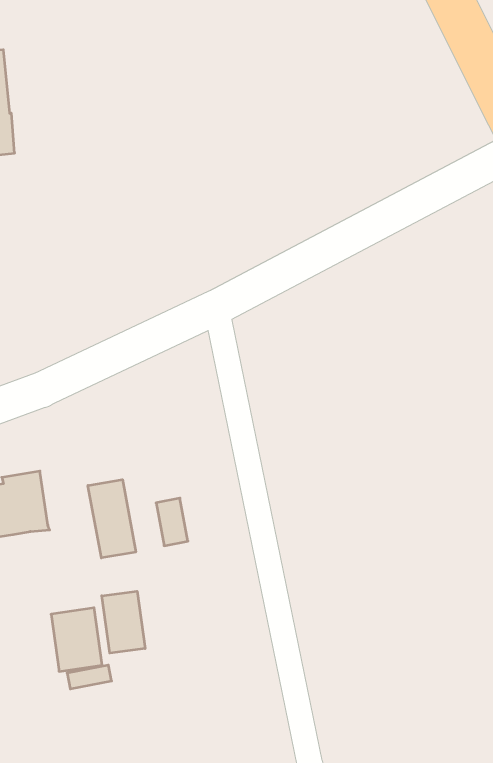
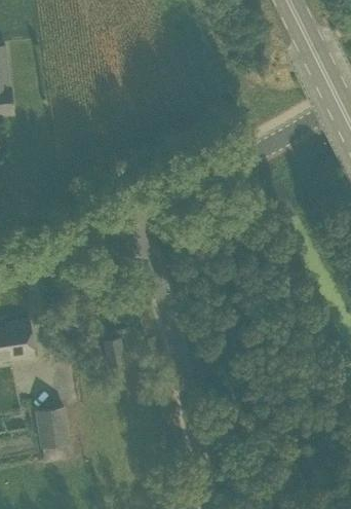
building: [88,480,136,558] -> none
building: [102,591,145,653] -> none

